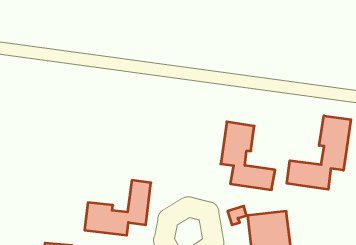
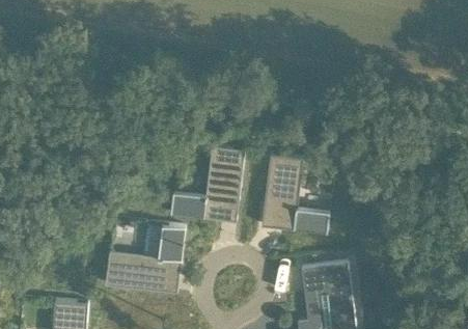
building: none -> [170,145,245,220]
building: [287,116,351,189] -> none

